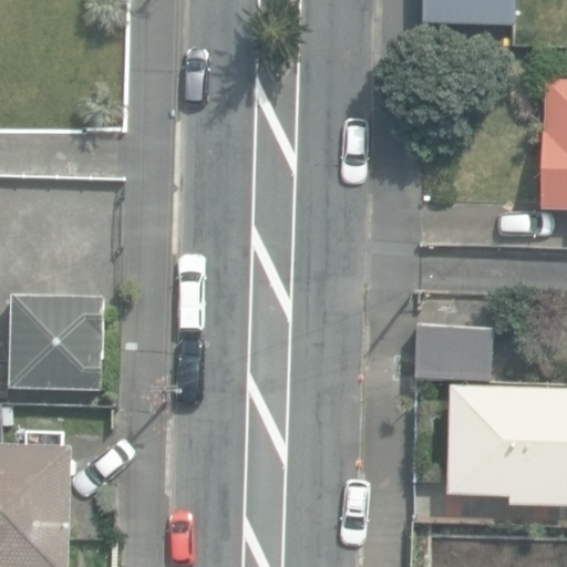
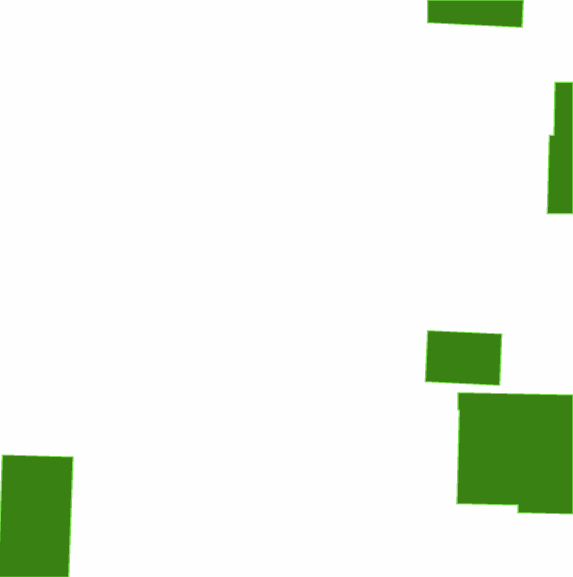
building: [9,297,103,391] -> none

